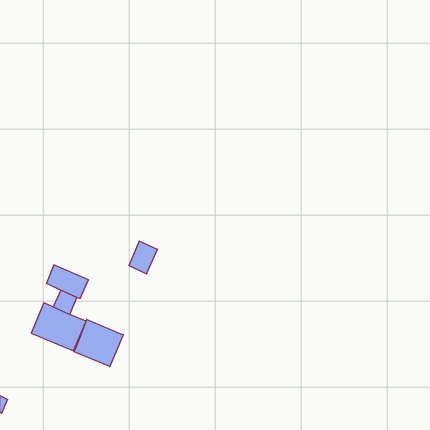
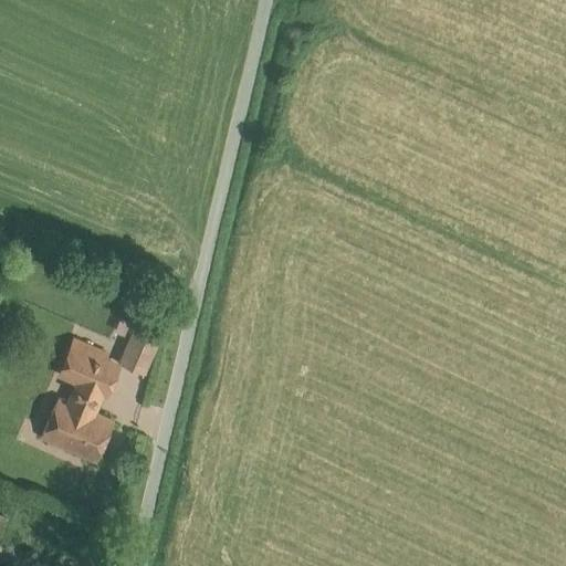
building: [129,241,158,274] -> [118,333,156,376]
building: [74,319,123,367] -> none

